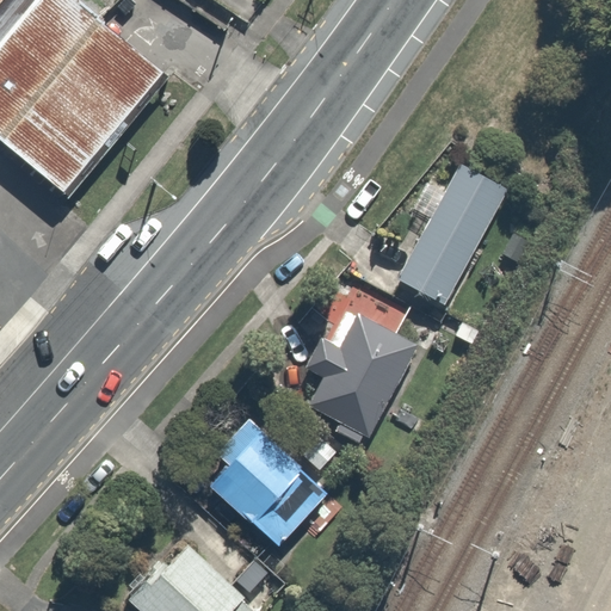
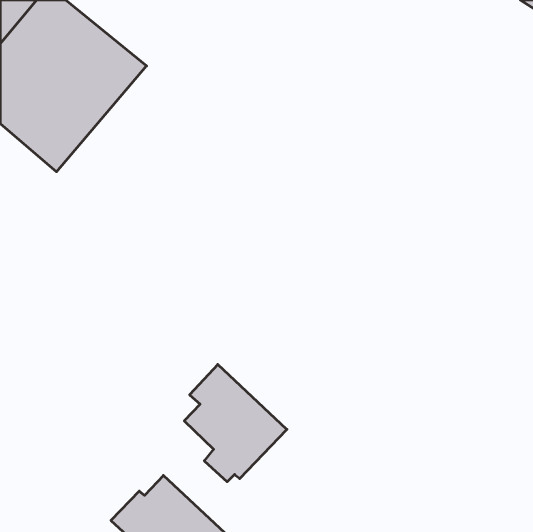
building: [397,159,505,298] -> none
building: [304,315,415,434] -> none

